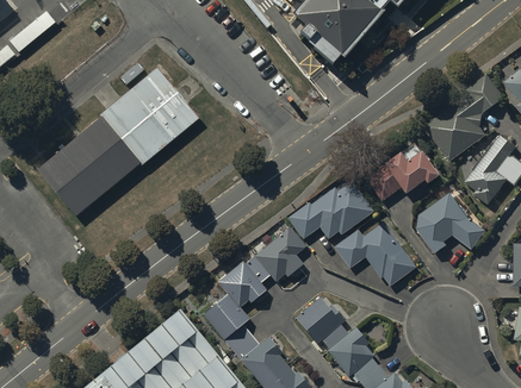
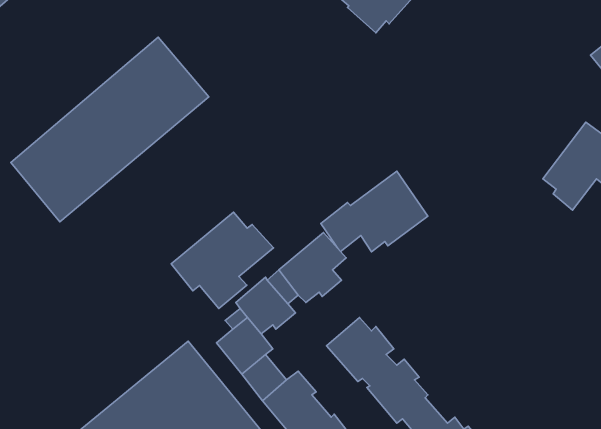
building: [423,75,503,161] -> none
building: [365,142,438,202] -> none
building: [416,192,486,254] -> none
building: none -> [171,212,273,309]
building: [334,220,417,287] -> none

